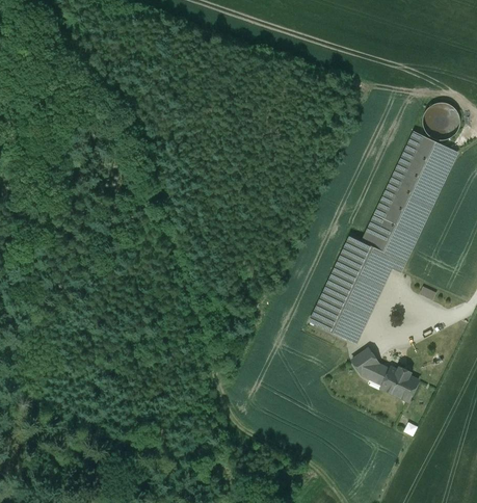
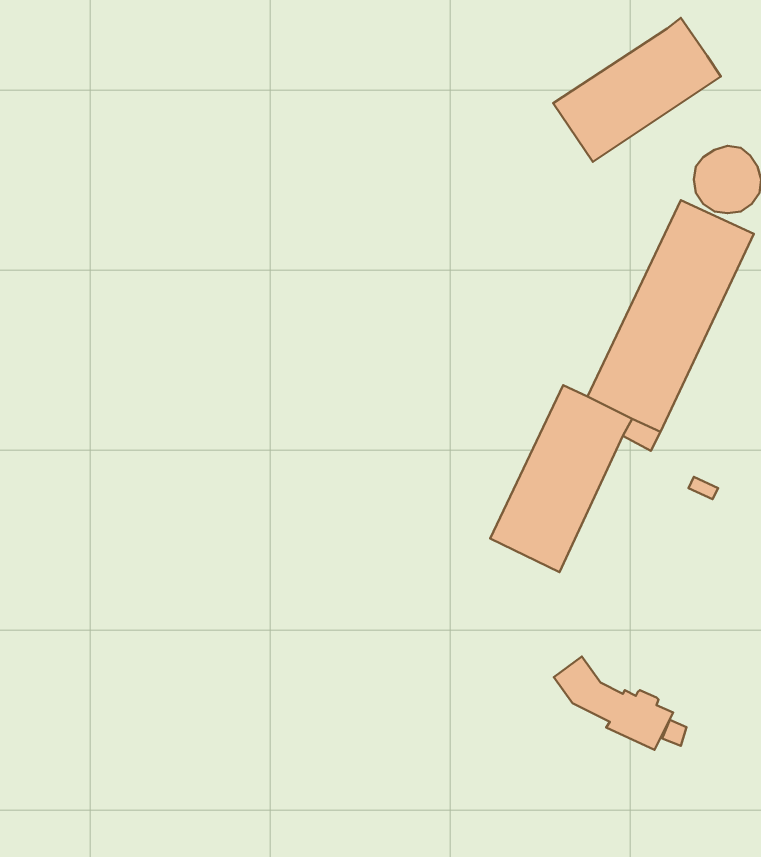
building: none -> [553,18,721,162]
building: [352,349,419,401] -> [554,656,673,750]

